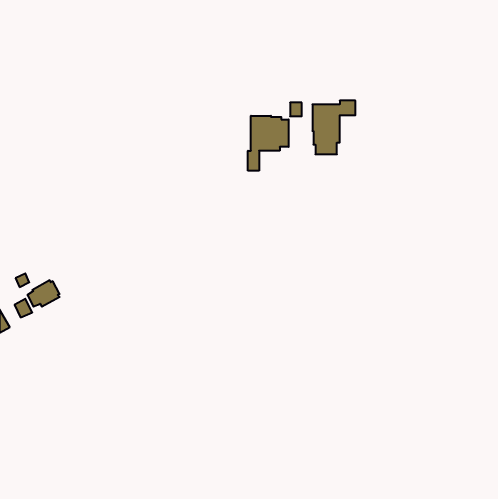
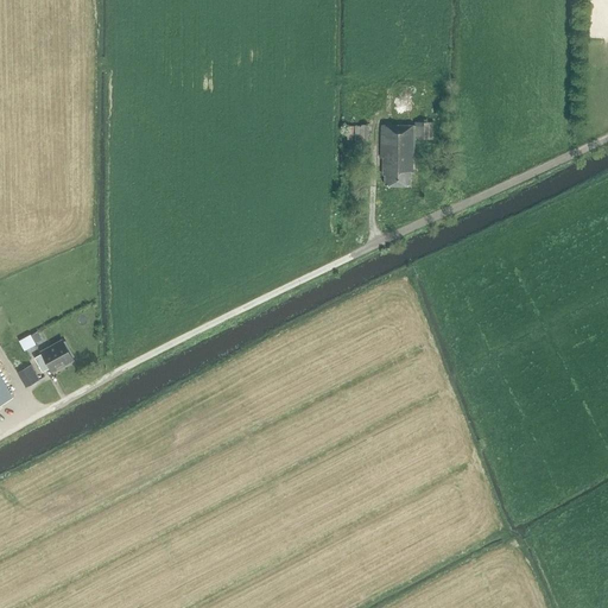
building: [248,116,289,171] -> none

